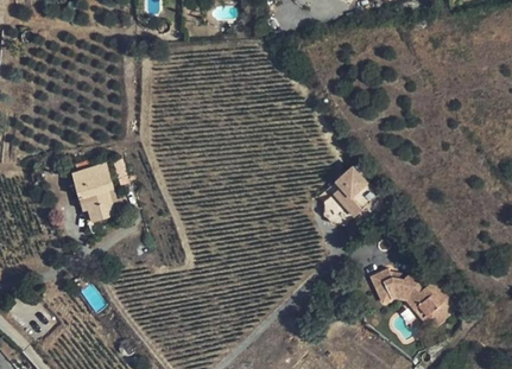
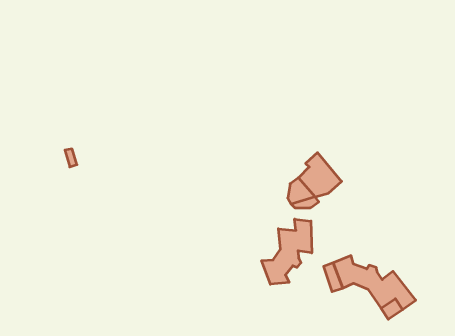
building: [68,163,112,221] -> none
building: none -> [262,219,312,284]

